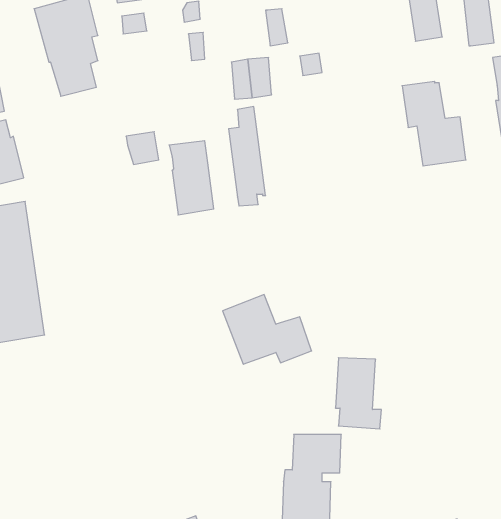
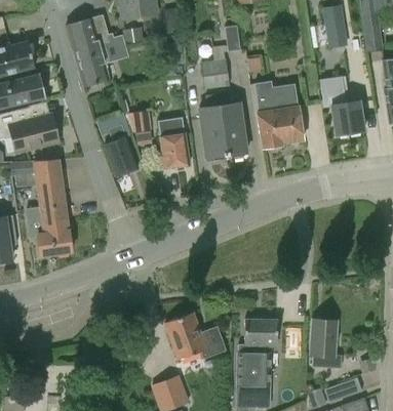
building: none -> [253,79,302,151]
building: none -> [217,91,245,159]
building: none -> [104,123,137,175]
building: [223,295,312,364] -> [163,311,225,359]
building: [335,358,381,429] -> [309,319,341,368]

